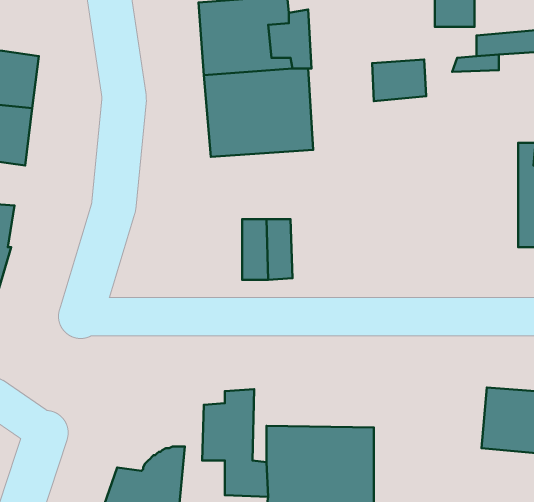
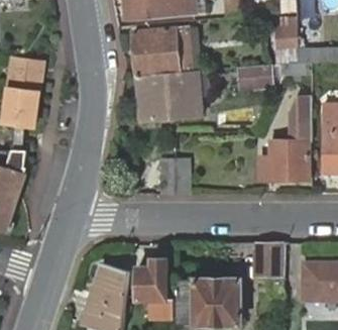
building: none -> [262,95,311,180]
building: none -> [245,242,285,274]
building: none -> [87,267,128,305]

